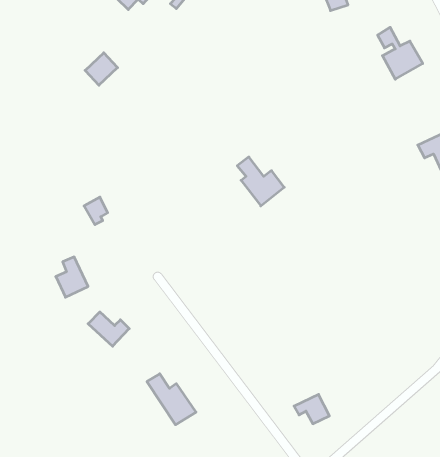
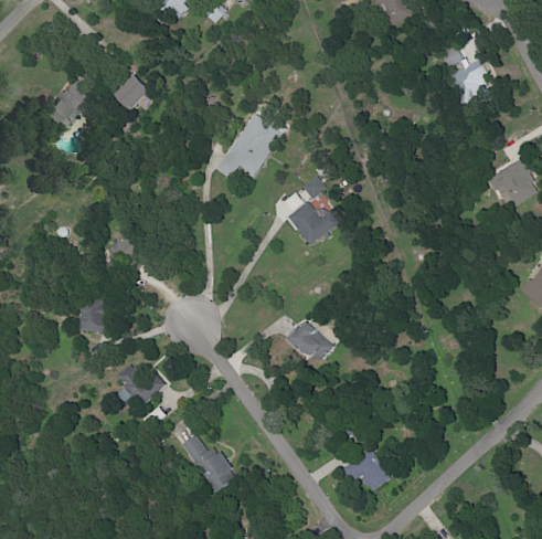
building: none -> [39,83,84,128]
building: none -> [216,114,281,178]
building: none -> [287,318,333,364]

